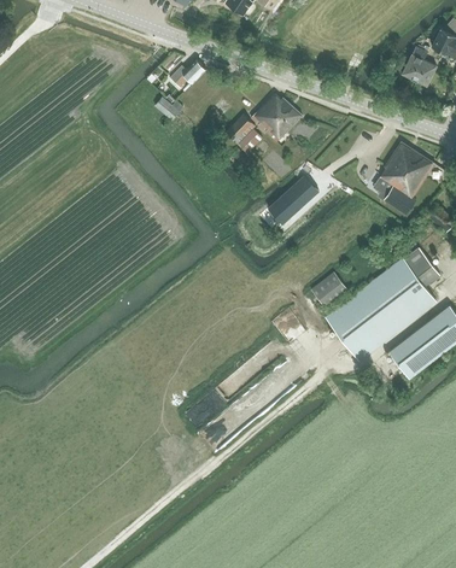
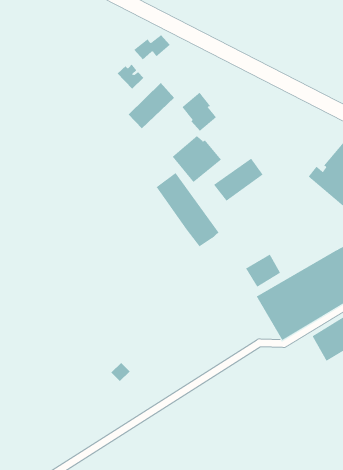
building: [251,93,303,142] -> [172,135,222,183]
building: none -> [128,82,175,129]
building: none -> [156,172,219,247]

